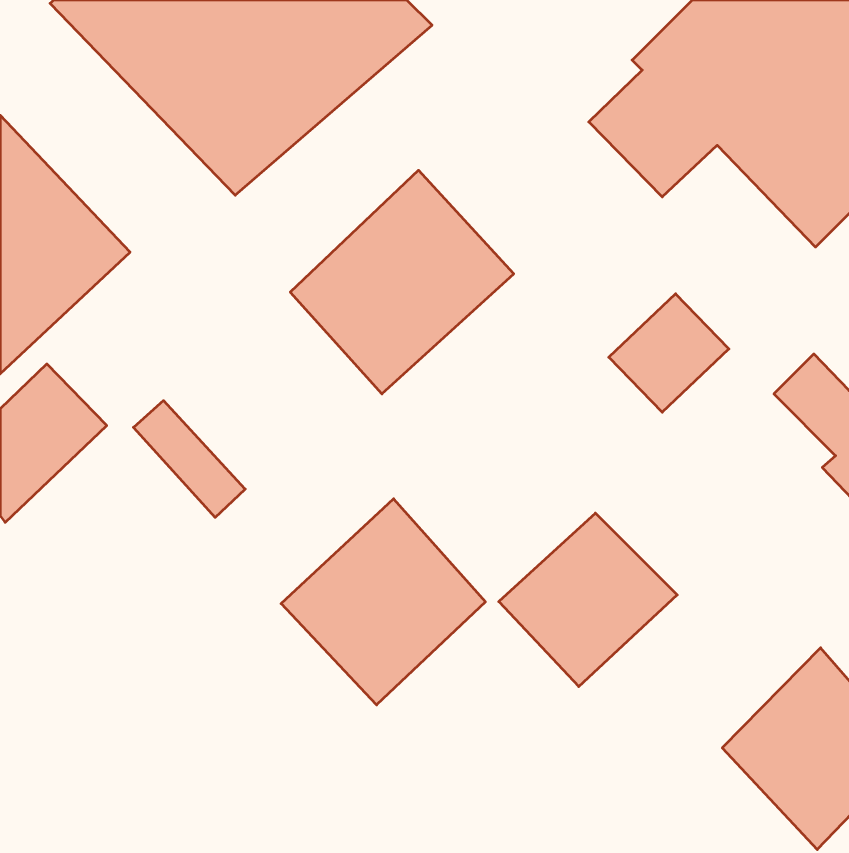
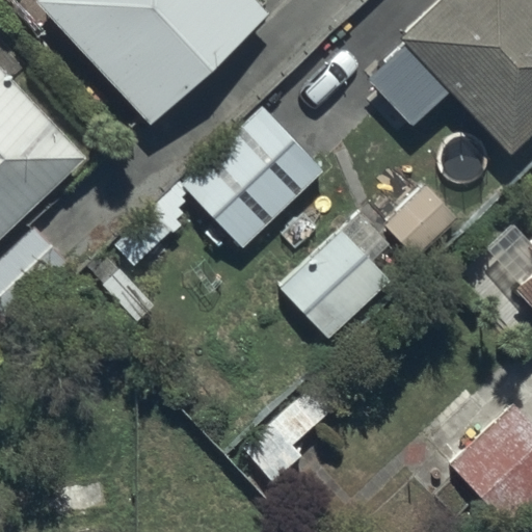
building: [281,499,485,705] -> none
building: [499,513,677,687] -> [280,231,391,339]

